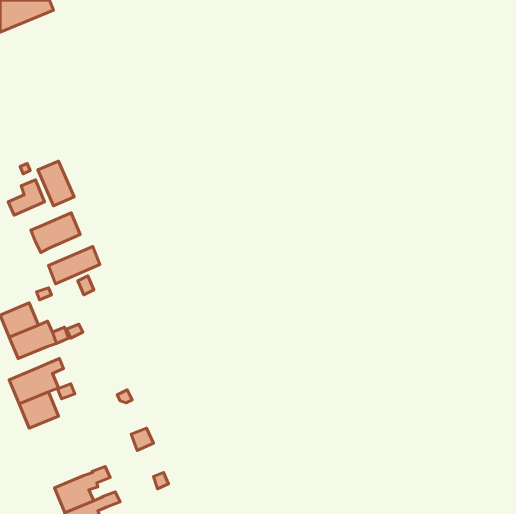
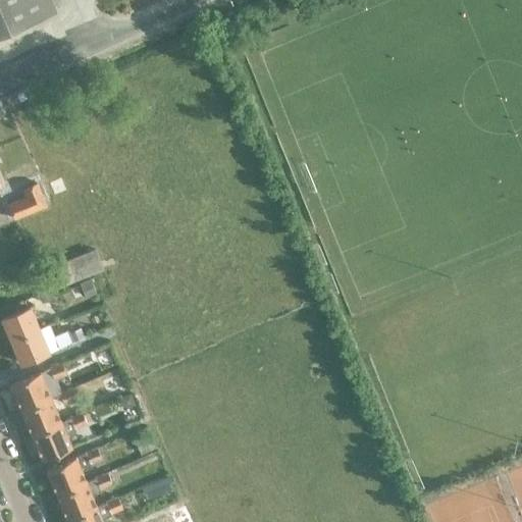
building: [38,161,74,206] -> none
building: [31,213,80,253] -> none
building: none -> [30,414,86,461]
building: none -> [45,449,100,494]

